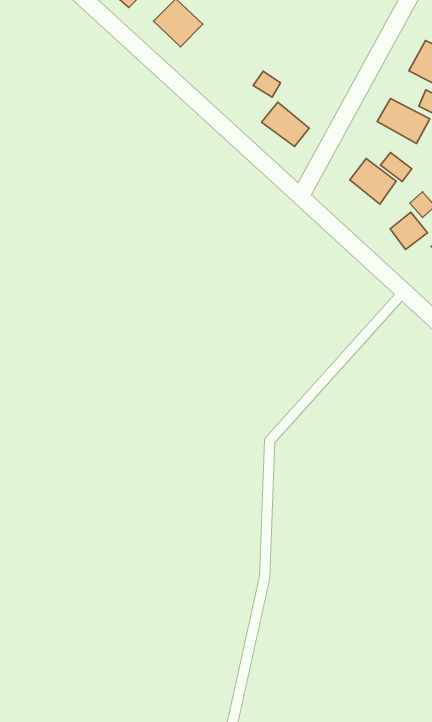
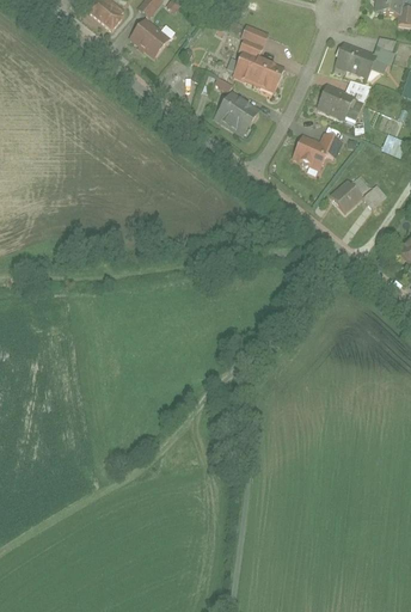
building: none -> [226,38,284,93]

